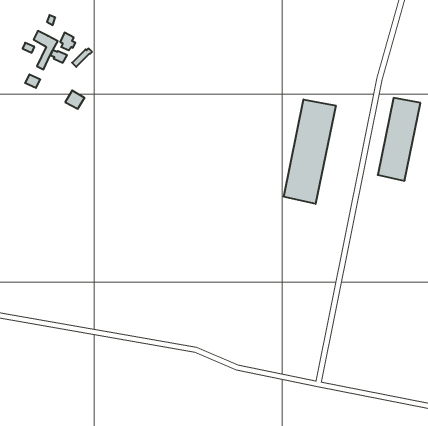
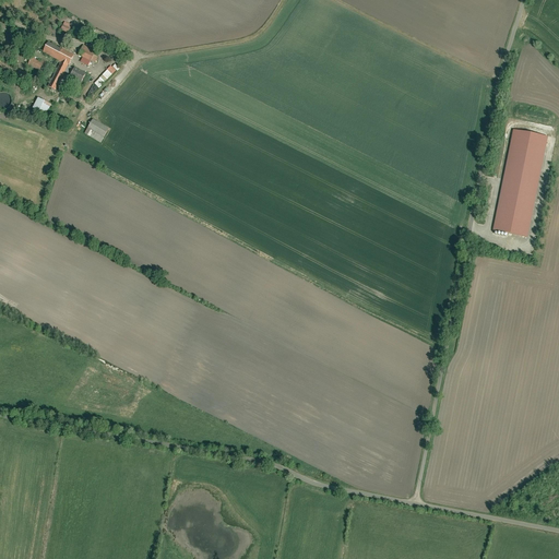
building: [284,99,336,204] -> none

